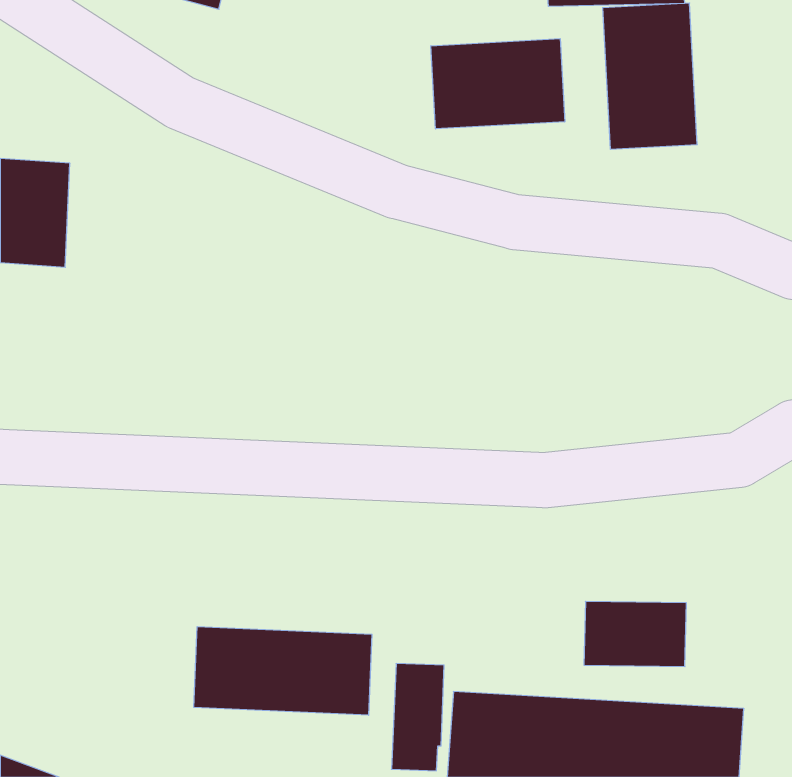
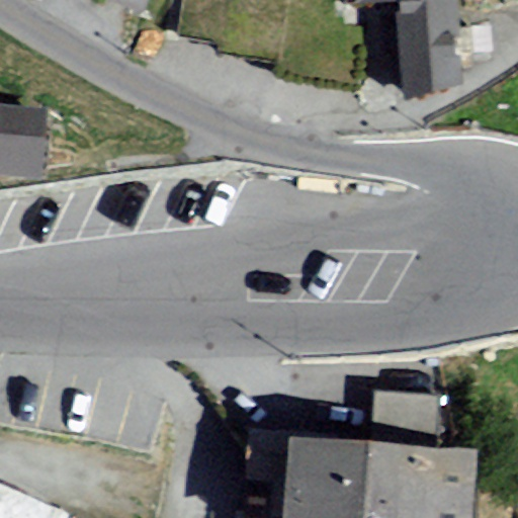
building: [431,39,565,129] -> none
building: [194,627,372,715] -> none

